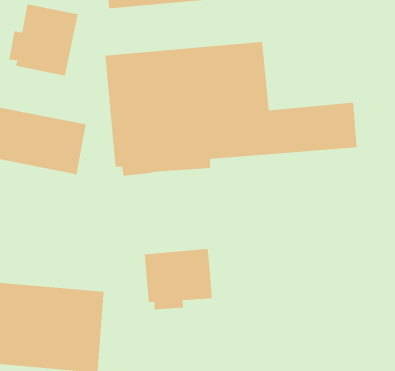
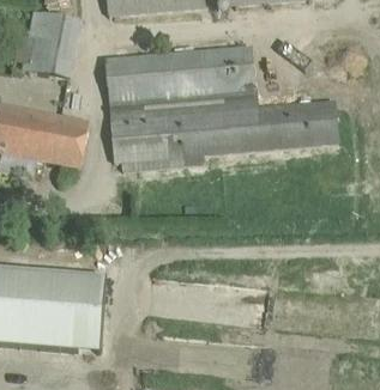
building: [144,248,213,310] -> none

